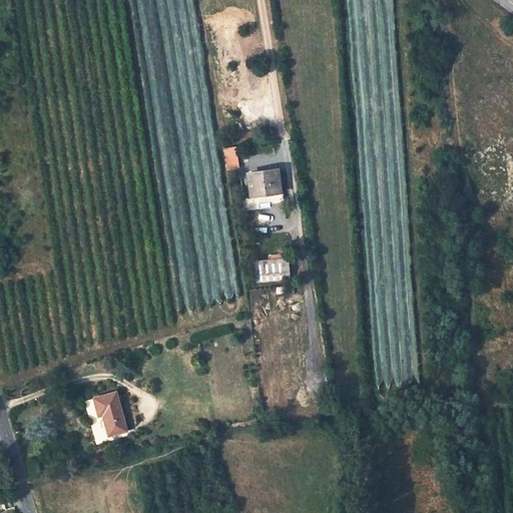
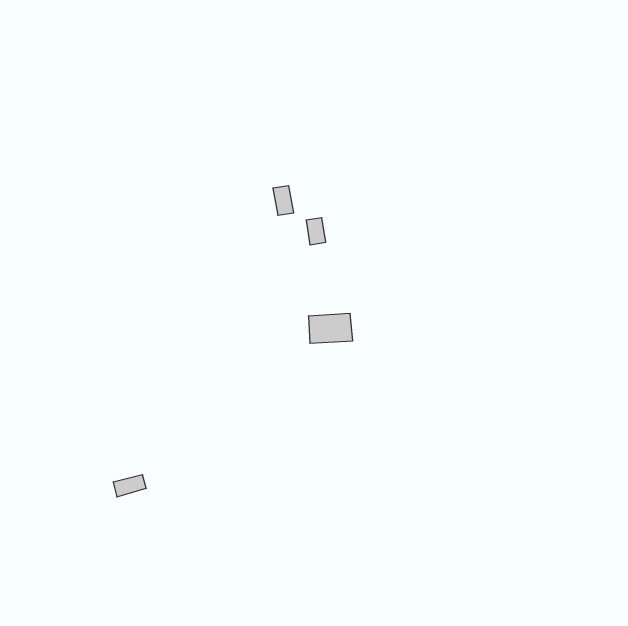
building: [263,175,281,205] -> none
building: [95,398,125,428] -> none

